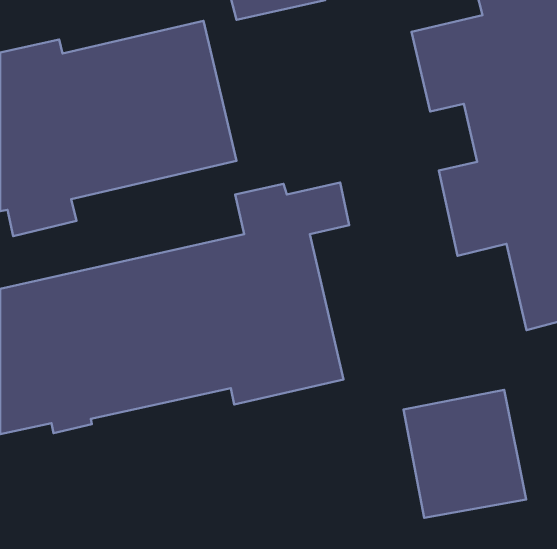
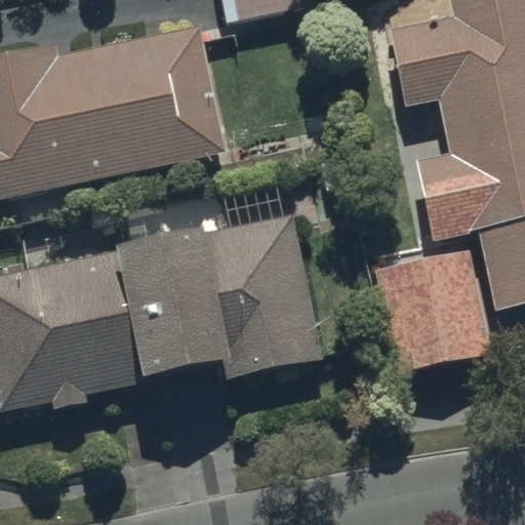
building: [403,390,526,518] -> [373,250,488,370]

